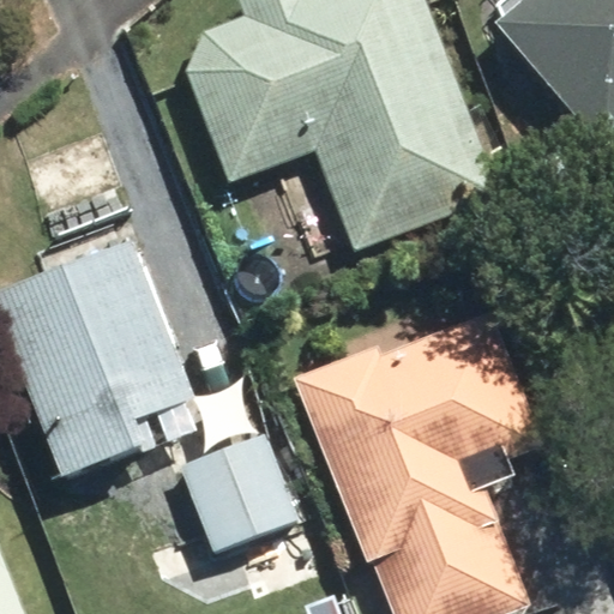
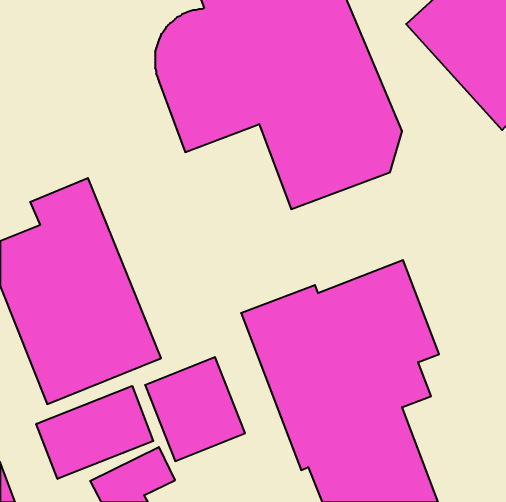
building: none -> [36,386,153,479]

